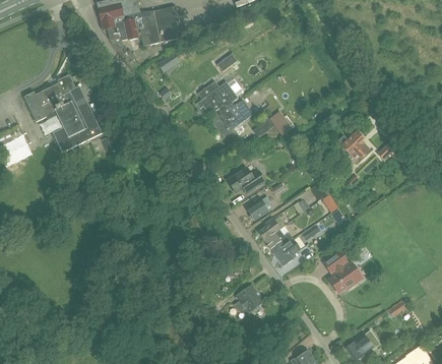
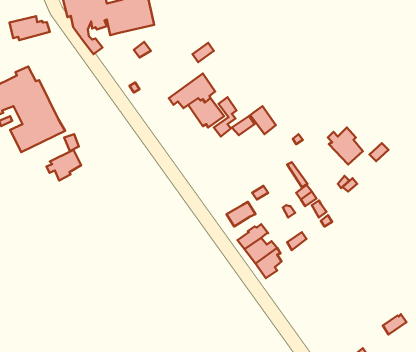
building: none -> [9,16,50,40]
building: none -> [47,150,81,180]
building: [227,168,264,192] -> none
building: [323,251,359,293] -> none
building: [234,286,263,313] -> none

